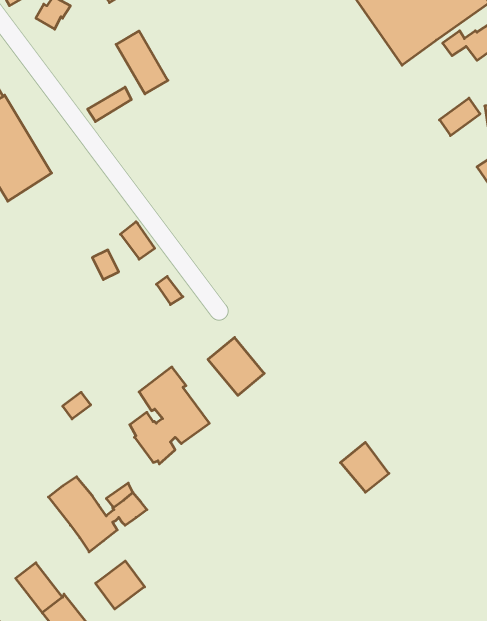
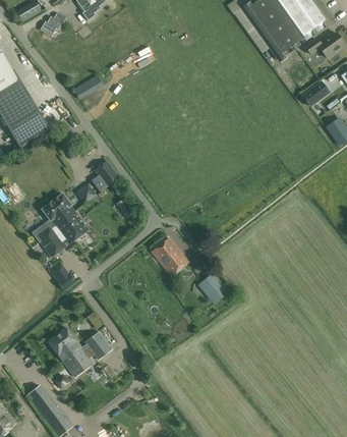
building: [116,31,168,94] -> none
building: [130,367,209,464] -> [36,193,88,256]
building: [340,442,389,492] -> [197,271,229,304]
building: [96,561,145,609] -> none

